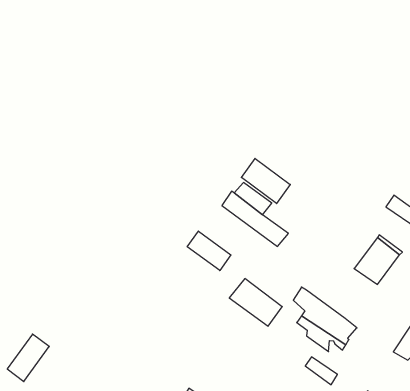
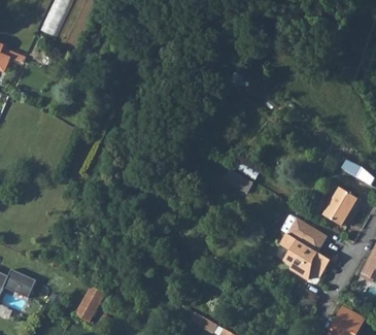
building: [241,158,290,204] -> none
building: [187,231,231,271] -> none
building: [229,279,282,326] -> [289,220,330,254]

